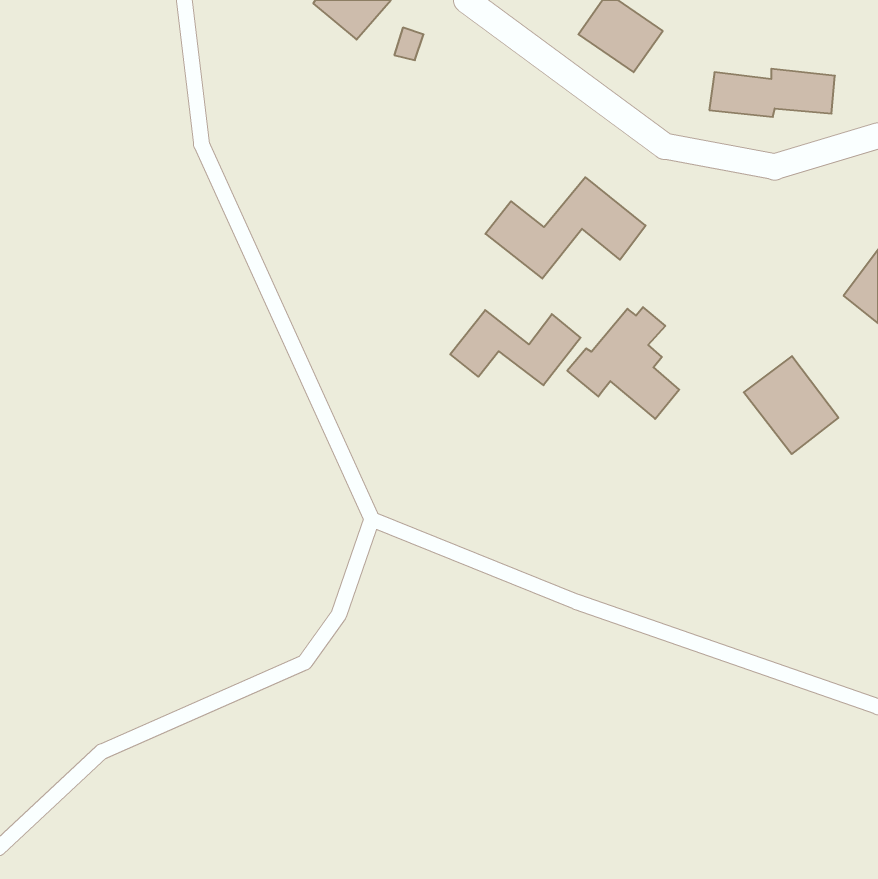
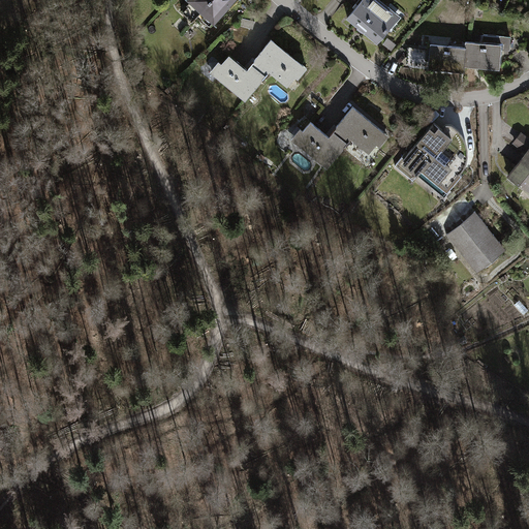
building: none -> [215,38,306,99]
building: [567,307,679,419] -> [395,127,462,194]
building: [450,310,581,385] -> none

